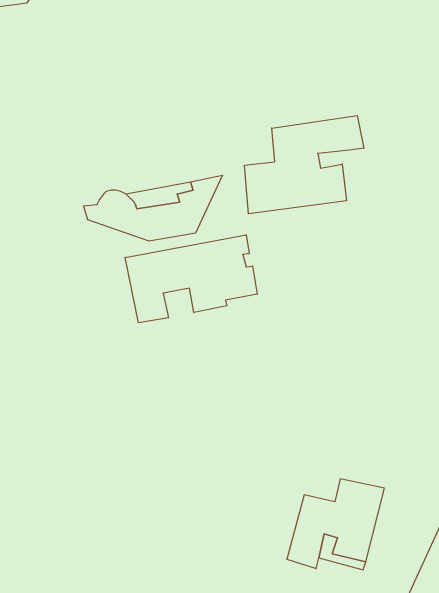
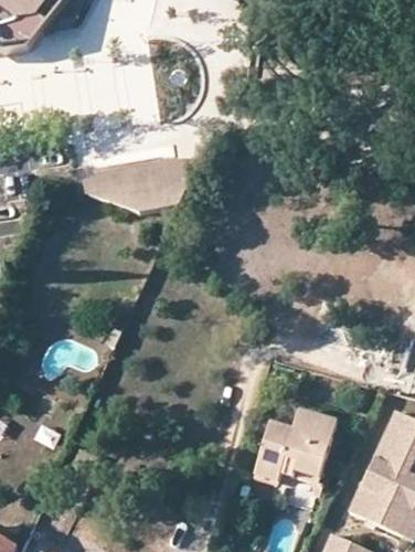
building: [245,116,364,214] -> none
building: [125,235,257,323] -> none

